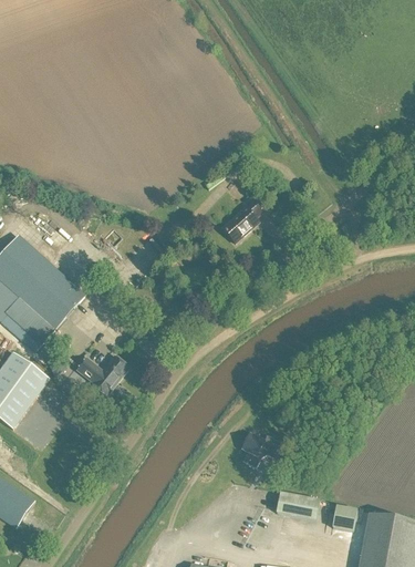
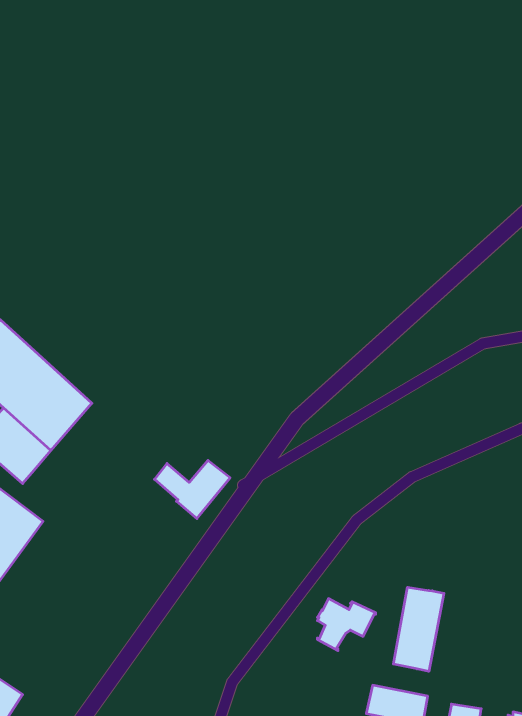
building: [220,197,261,243] -> none
building: [74,355,127,396] -> [154,460,230,519]
building: none -> [393,587,444,671]

